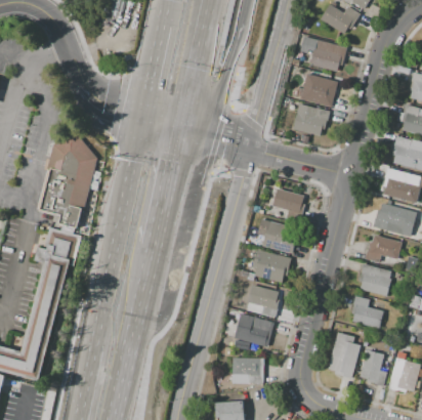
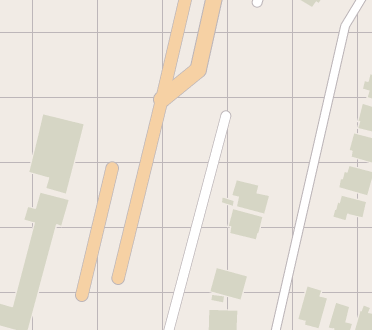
building: [299,37,346,73] -> none
building: [292,74,338,108] -> none
building: [292,103,328,137] -> none
building: [273,188,304,217] -> none
building: [360,263,393,296] -> none
building: [248,285,280,319] -> none
building: [351,295,383,329] -> none

